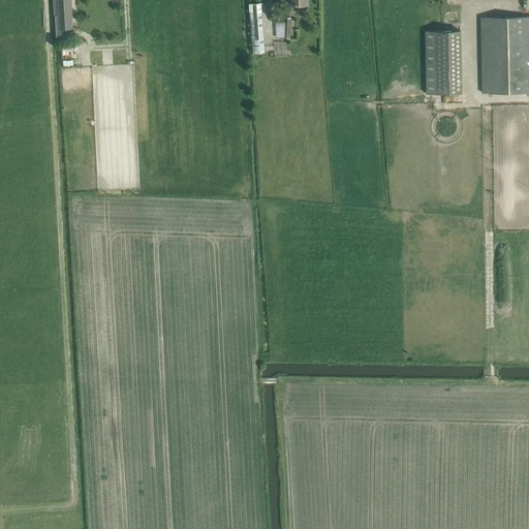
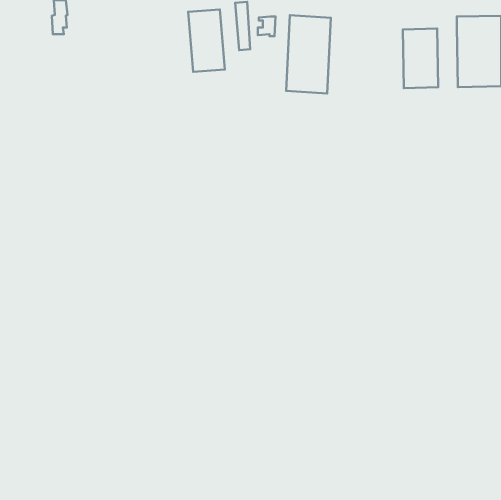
building: none -> [188,10,225,72]
building: none -> [286,15,331,93]

